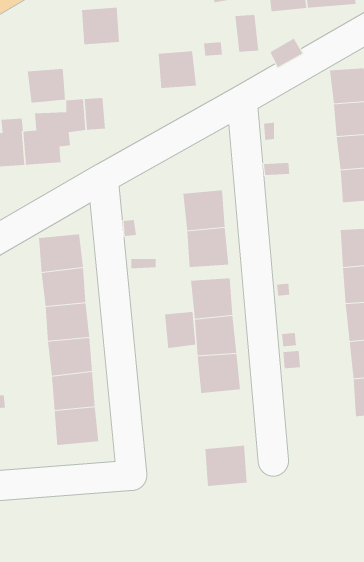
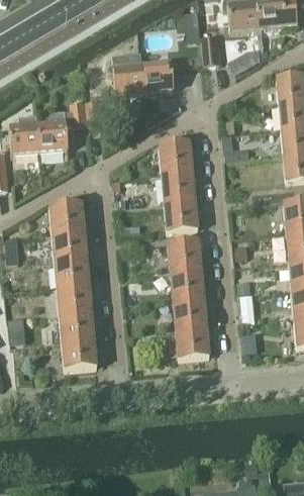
building: [81,7,120,45] -> [114,64,144,93]
building: [27,68,65,104] -> none
building: none -> [160,135,193,173]
building: [164,311,196,349] -> none
building: [205,445,248,487] -> [176,325,209,358]

